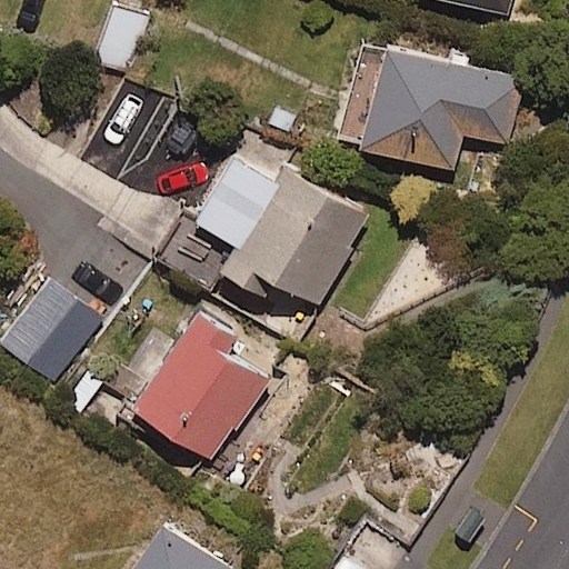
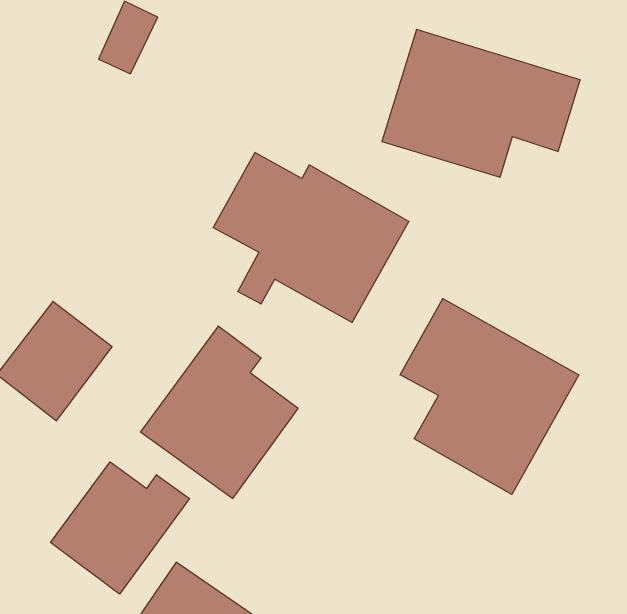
building: none -> [400,299,579,494]
building: none -> [51,462,190,594]

